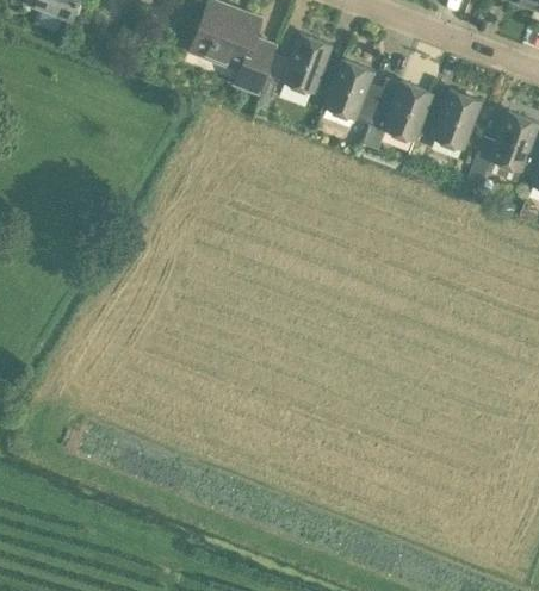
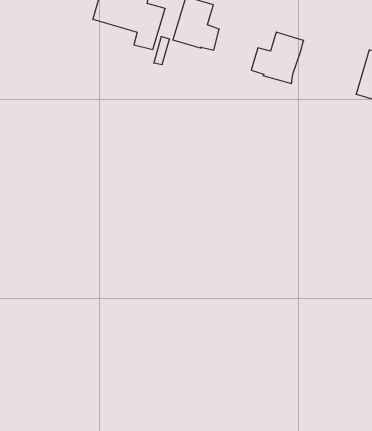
building: [322,60,383,124] -> none
building: [416,89,481,150] -> none

